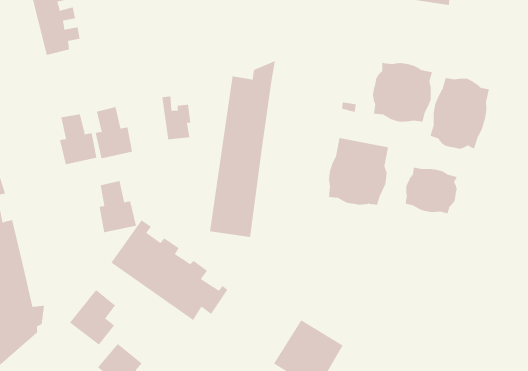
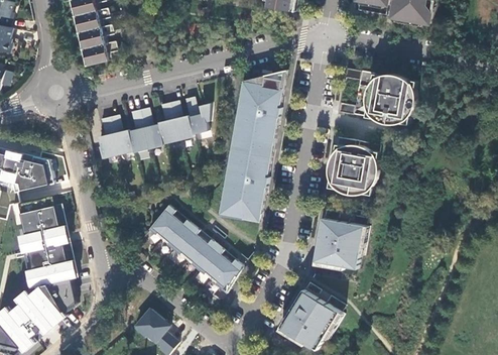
building: [430,77,490,150] -> none
building: [405,167,458,214] -> none
building: [99,181,137,233] -> [158,101,191,145]
building: none -> [315,218,365,268]
building: [69,289,116,346] -> none

